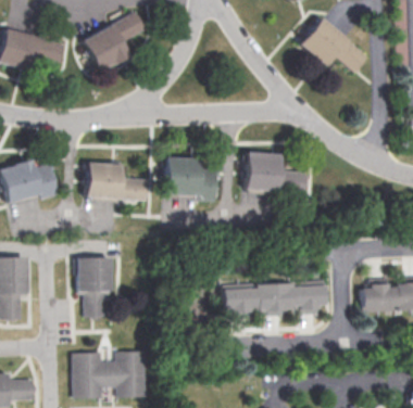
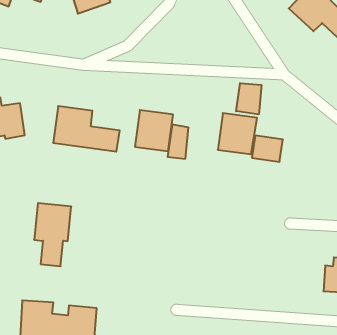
building: none -> [236,83,261,114]
building: [222,281,326,318] -> none

